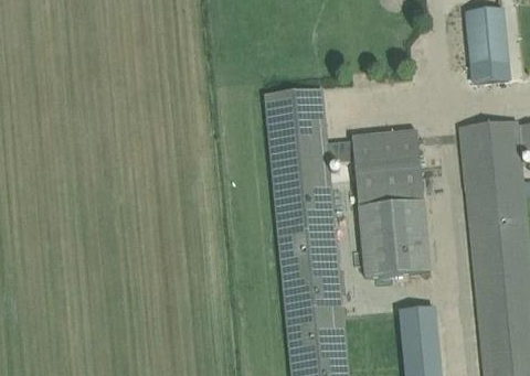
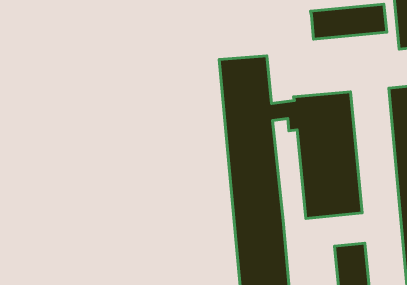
building: none -> [311,4,387,39]

